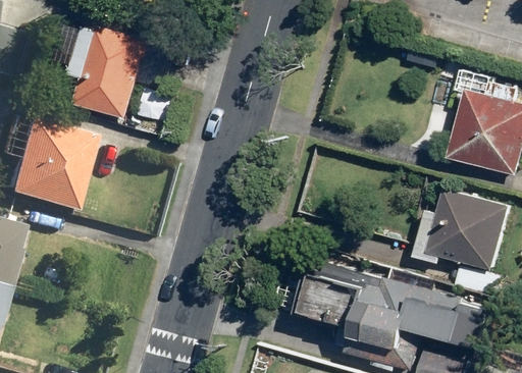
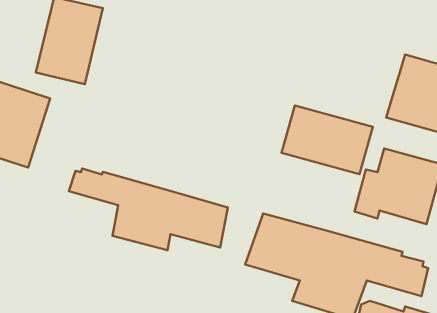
building: none -> [281,105,373,174]
building: none -> [69,169,228,250]

